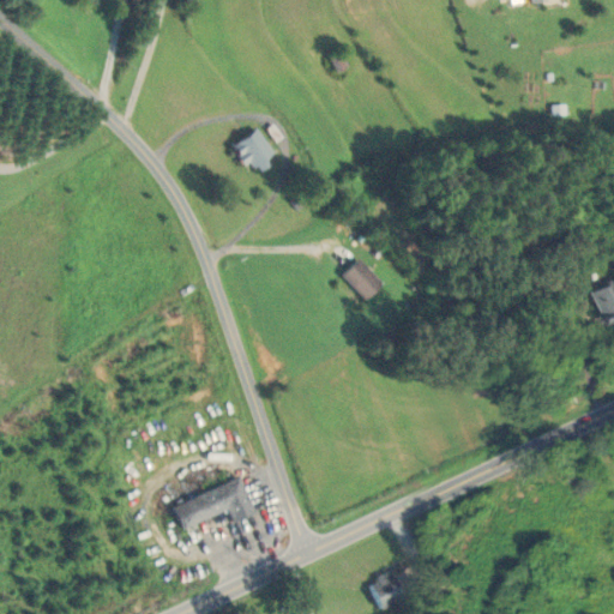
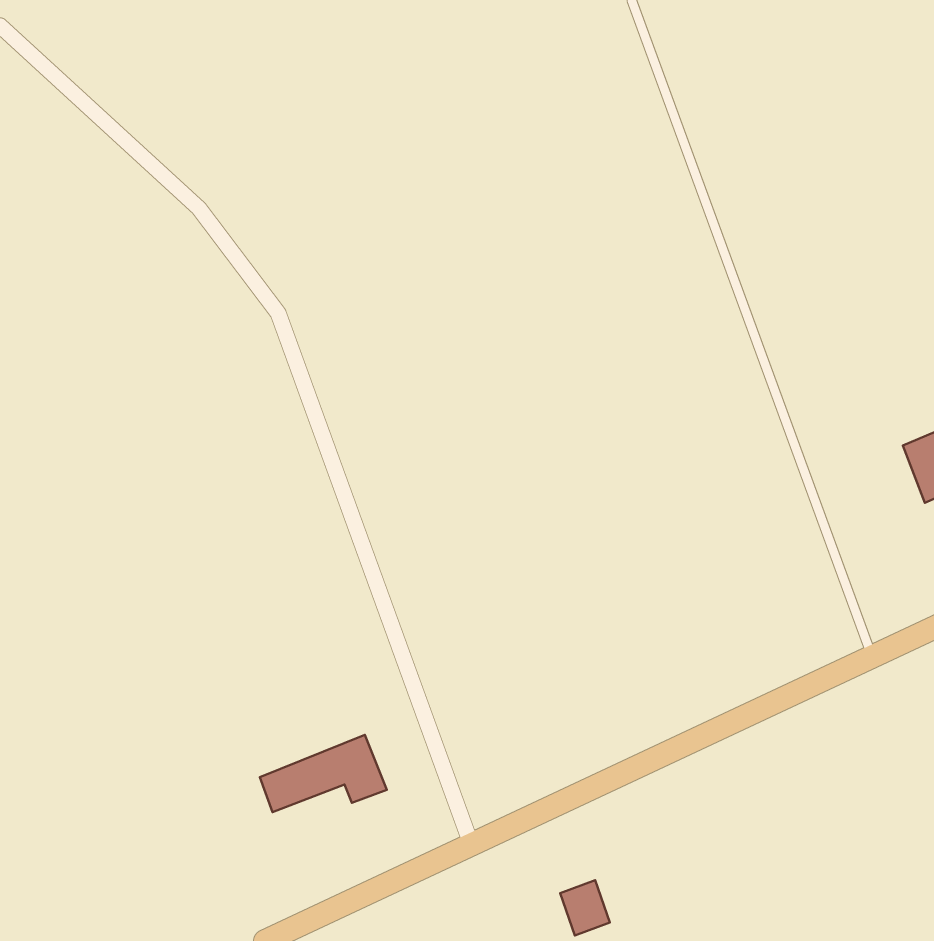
building: [235,128,277,174] -> none
building: [342,258,384,301] -> none

